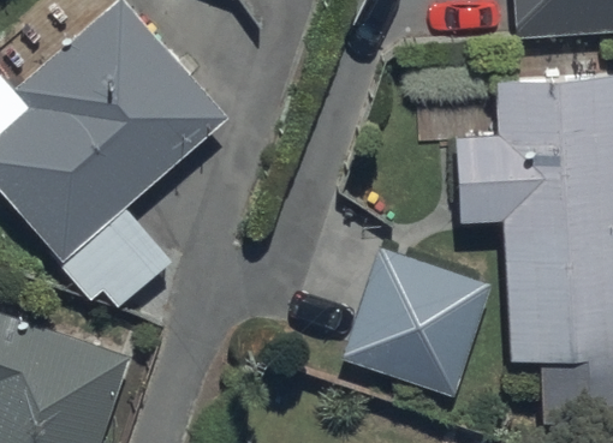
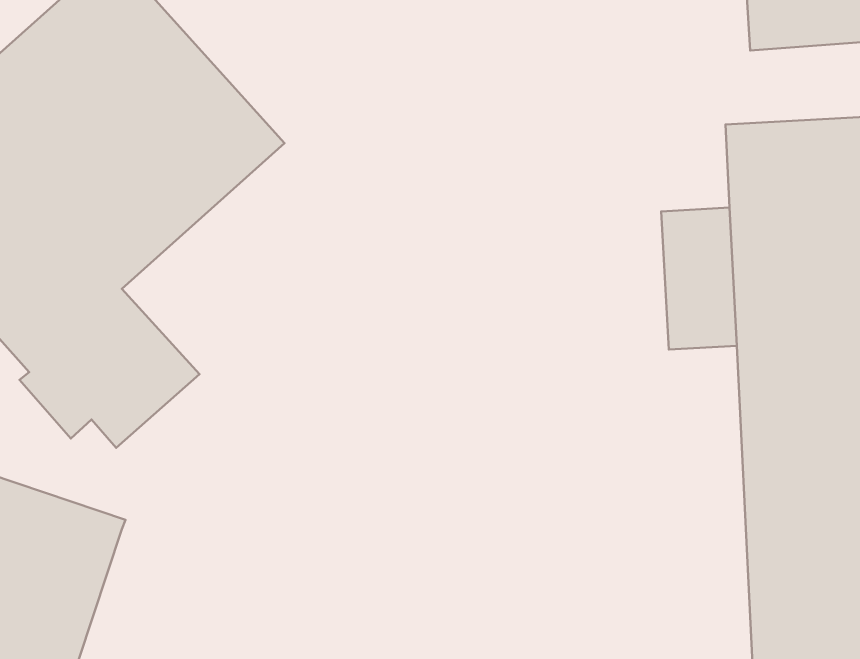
building: [344,253,495,401] -> none

